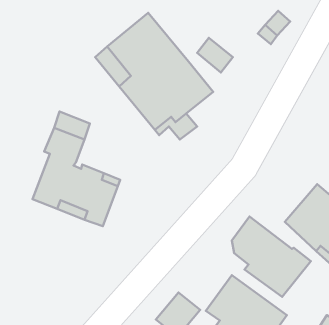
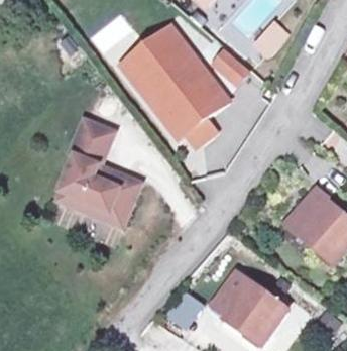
building: [232,217,311,297] -> none

